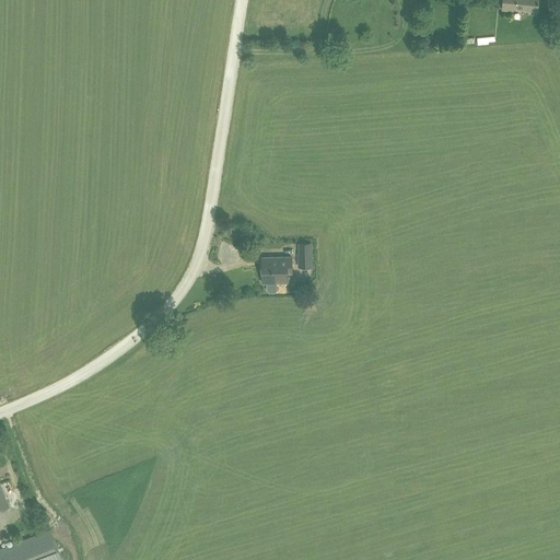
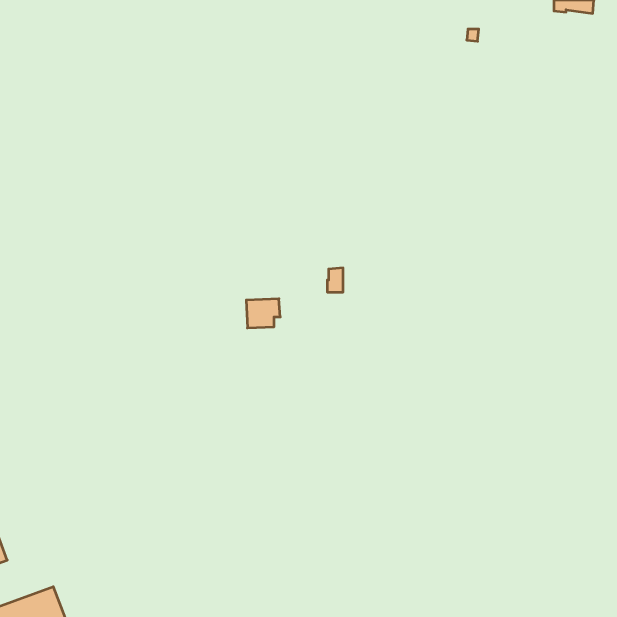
building: [260,258,291,284] -> [246,299,280,328]

